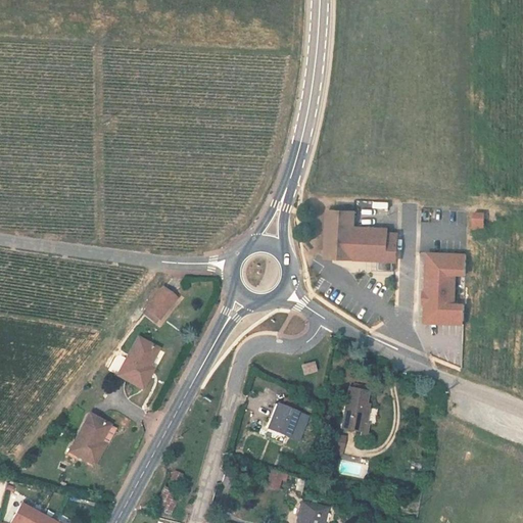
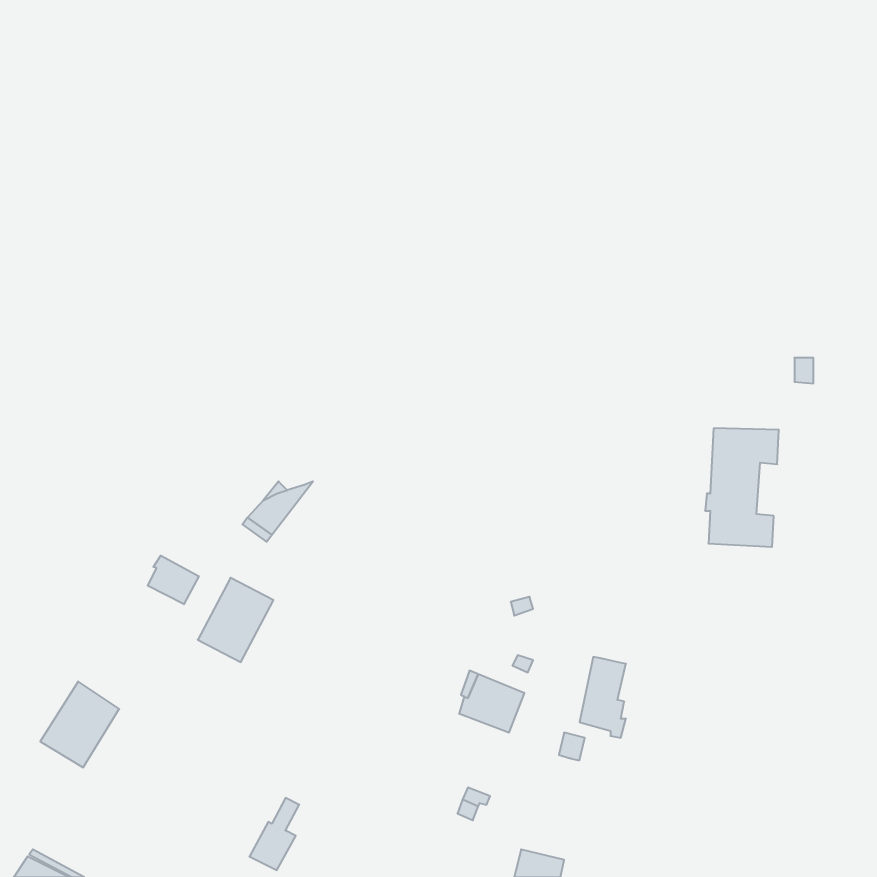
building: [325,209,396,270] -> none
building: none -> [148,556,199,604]
building: [63,415,110,466] -> [40,681,119,767]

